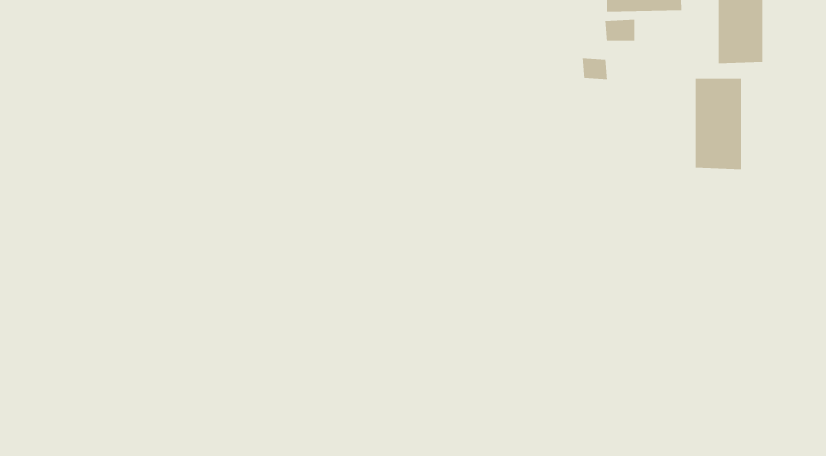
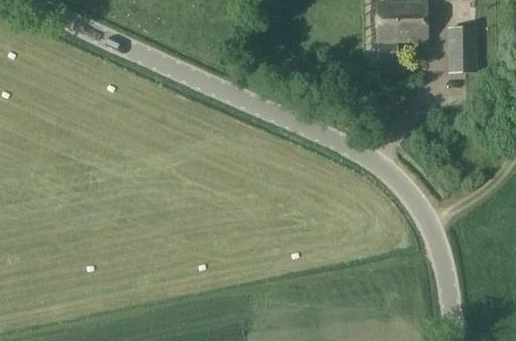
building: [695,78,742,170] -> none

